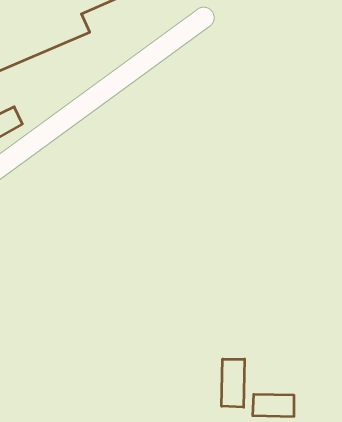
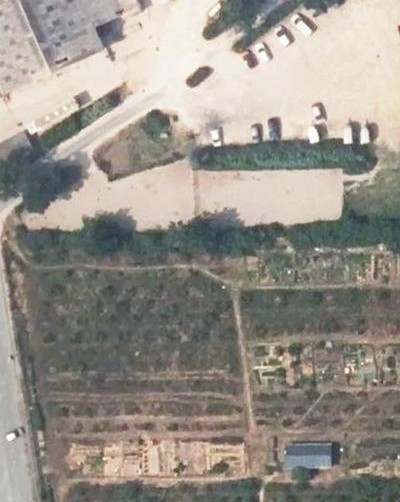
building: [222,359,245,407] -> none

